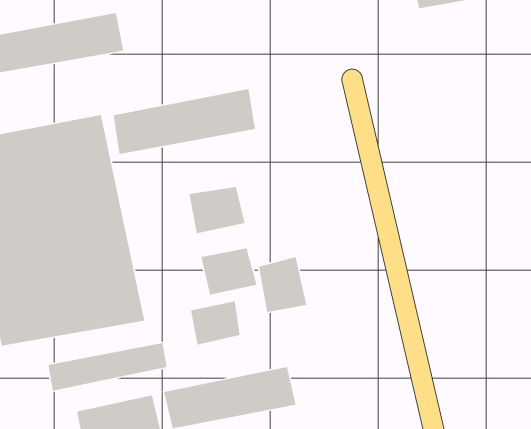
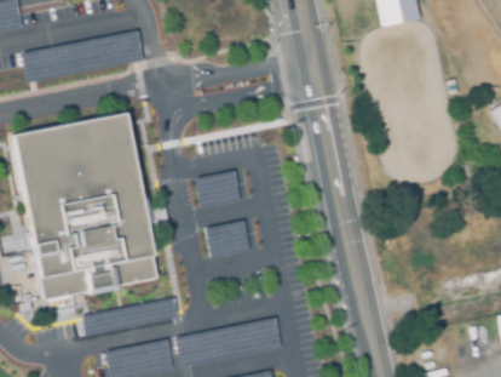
building: [113,88,256,155] -> none
building: [258,256,307,313] -> none
building: [190,300,240,346] -> none

